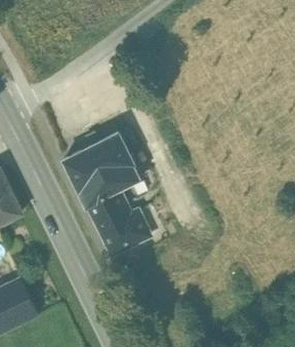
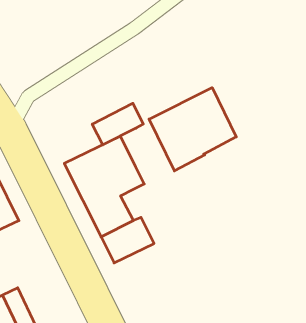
building: none -> [149,88,236,171]
building: none -> [92,103,143,145]

